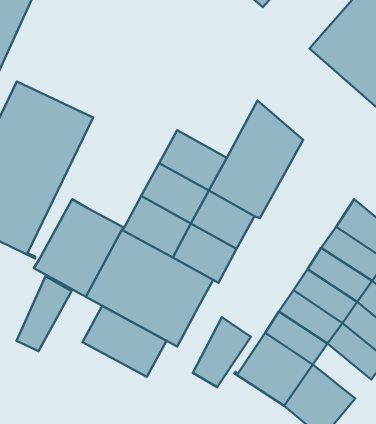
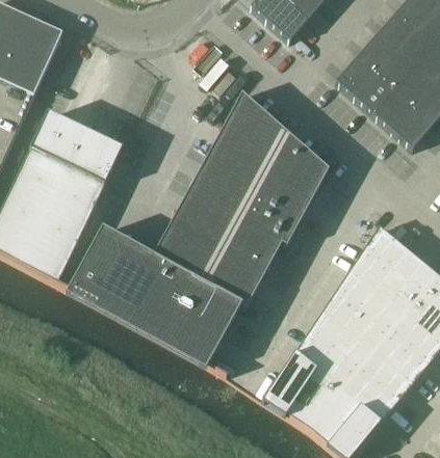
building: none -> [206,90,285,185]
building: [16,276,72,351] -> none
building: [82,306,167,377] -> none
building: [193,317,251,387] -> none
building: none -> [339,367,396,421]

